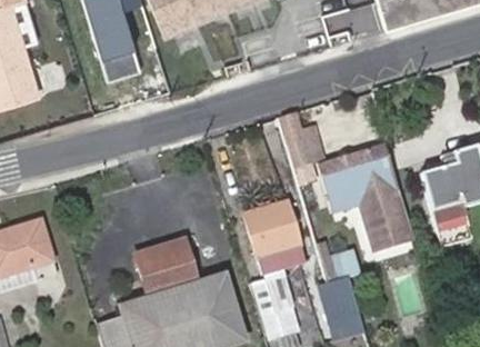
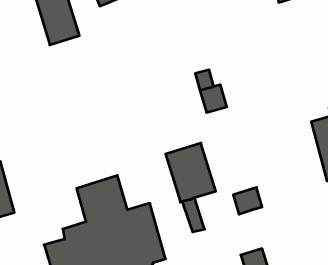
building: [319,142,413,248] -> none
building: [252,278,297,331] -> none
building: [319,280,358,325] -> none

